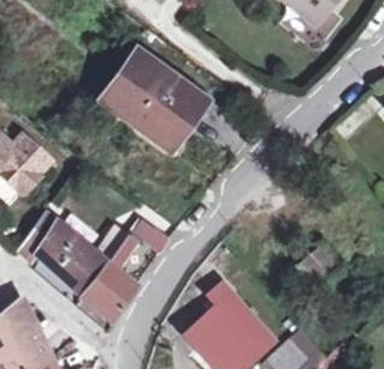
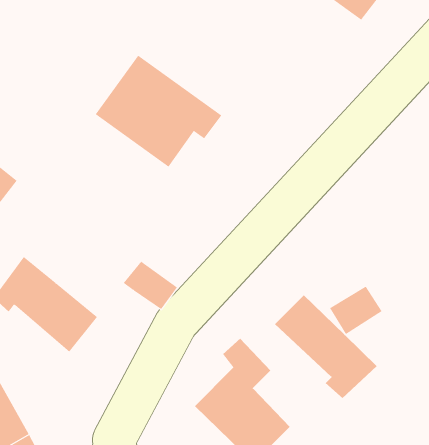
building: [84,236,136,321] -> none
building: none -> [274,295,377,399]

